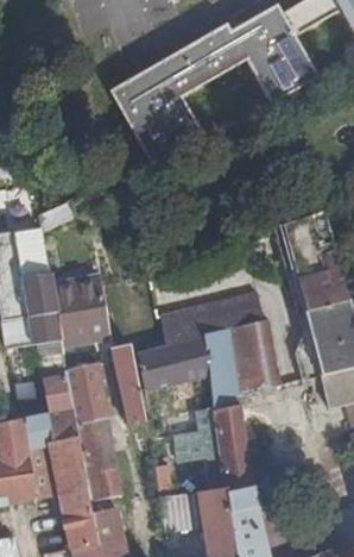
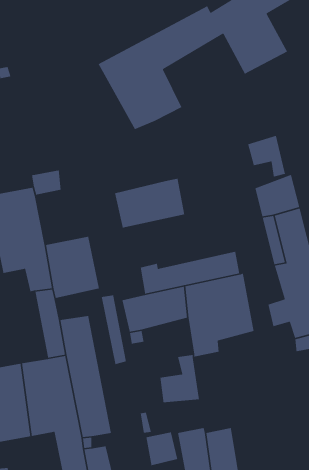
building: none -> [247,135,286,178]
building: none -> [114,178,185,228]
building: [213,406,254,494] -> none

